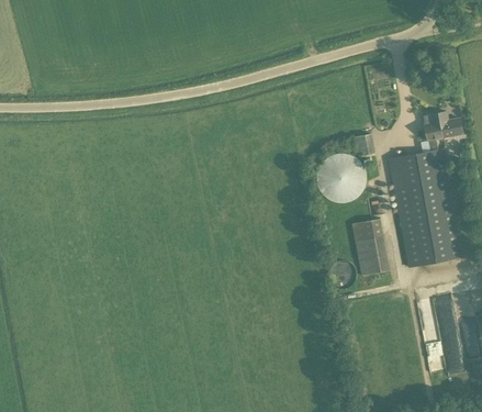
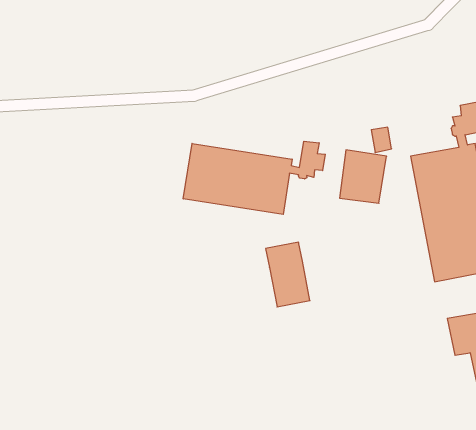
building: none -> [183,141,325,214]
building: [350,219,389,275] -> [266,242,310,307]

